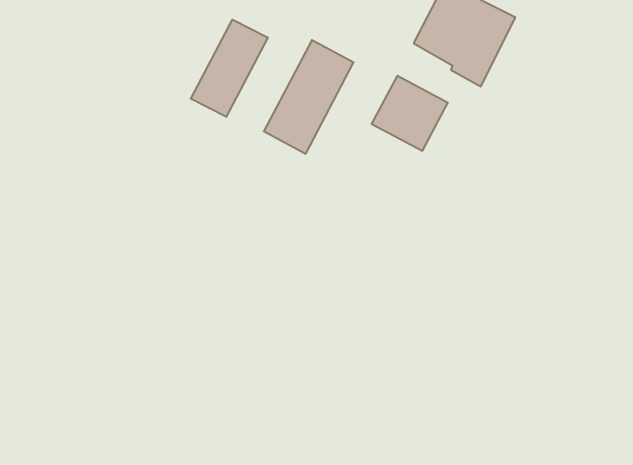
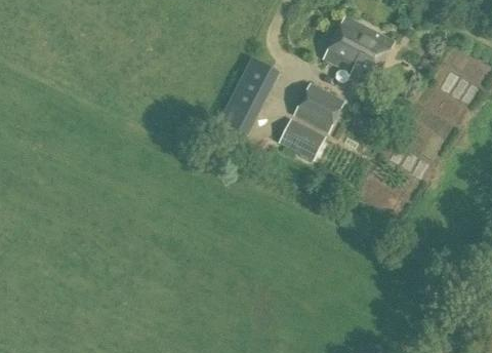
building: [191,20,268,117] -> none
building: none -> [280,118,327,160]

